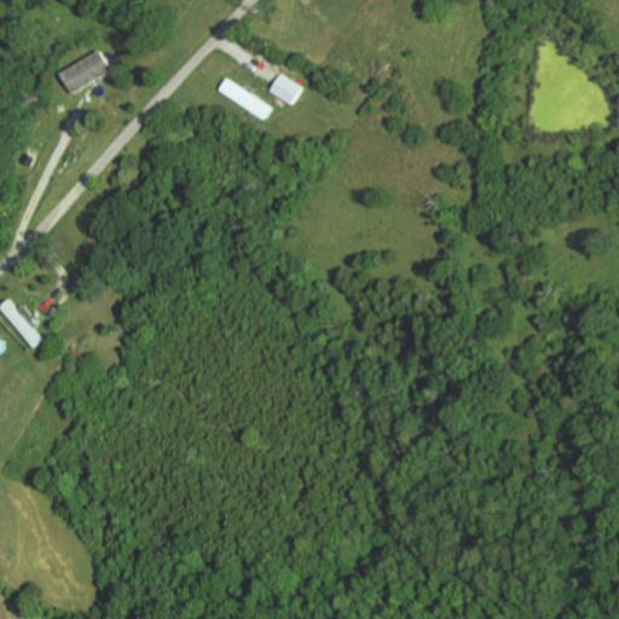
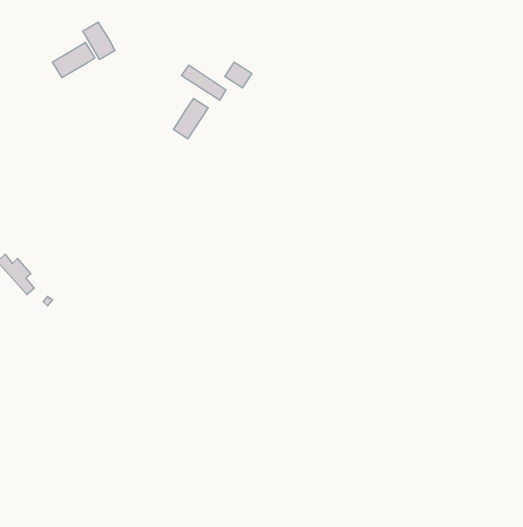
building: none -> [83,22,115,59]
building: none -> [174,98,208,139]

